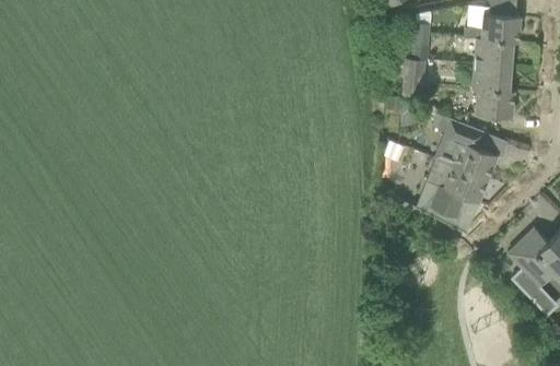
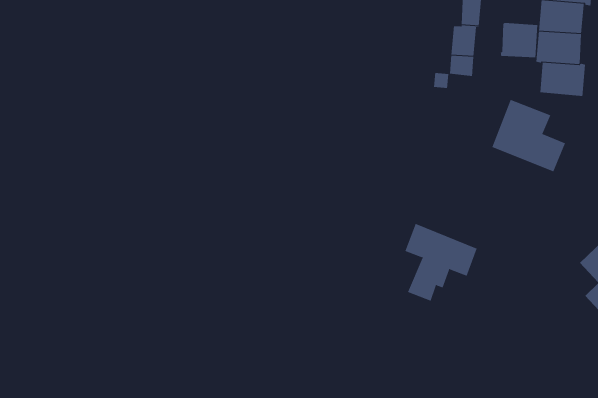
building: none -> [500,22,538,58]
building: [428,158,488,223] -> [405,223,478,302]

